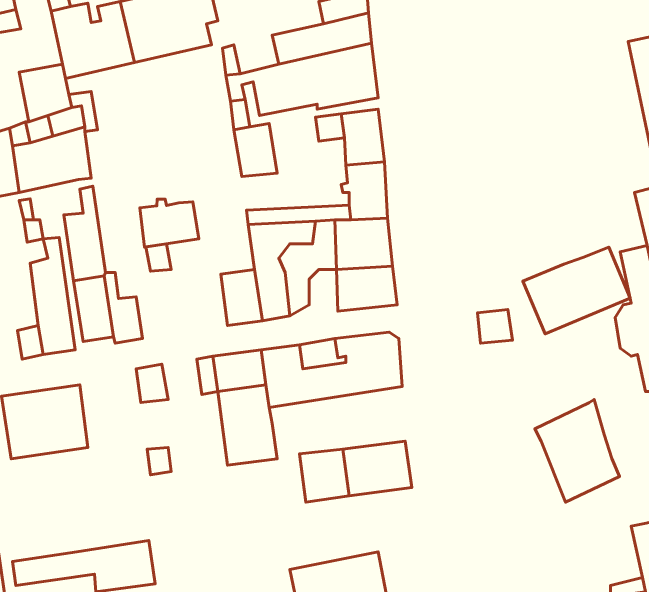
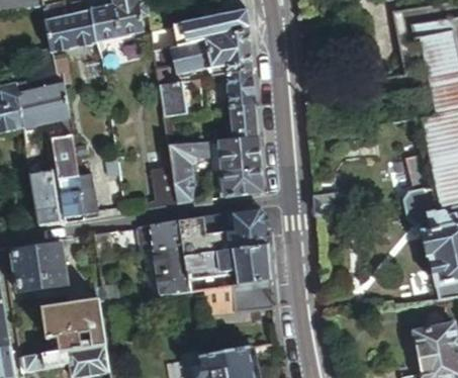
building: [140,199,199,247] -> none
building: [523,247,630,334] -> none
building: none -> [183,245,269,283]
building: [535,400,620,502] -> none
building: none -> [43,297,108,349]

